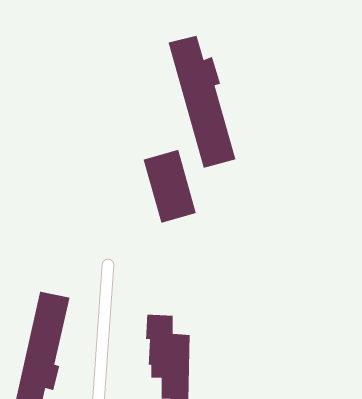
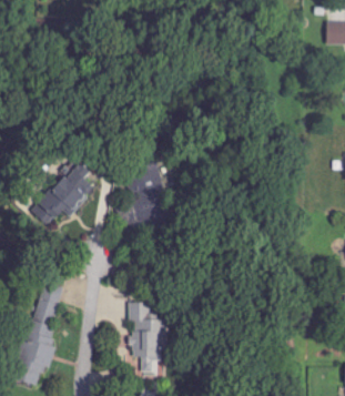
building: [168,35,237,169] -> none
building: none -> [37,161,93,221]

